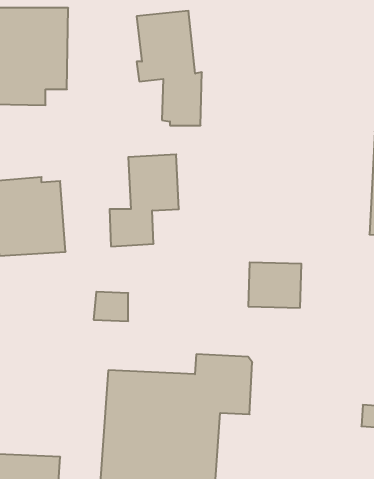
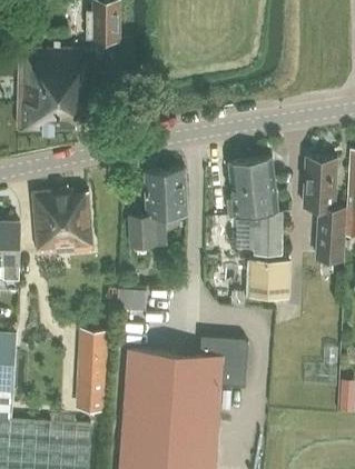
building: [137,11,202,125] -> [227,159,282,255]
building: none -> [302,157,344,258]
building: none -> [75,330,108,410]

